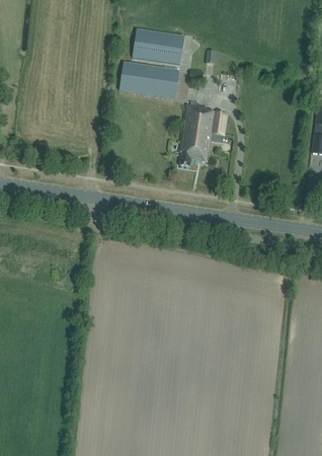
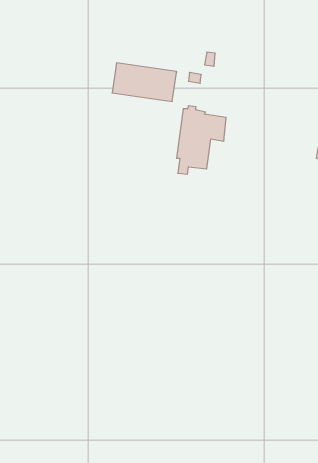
building: [133,28,185,63] -> none

